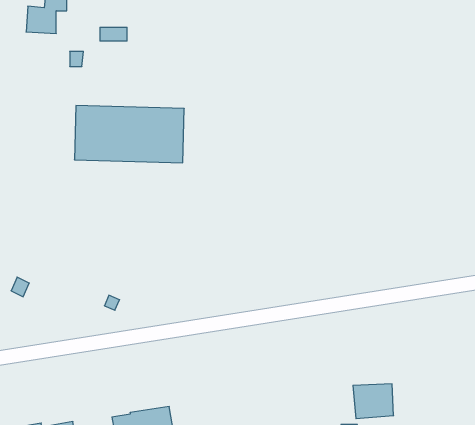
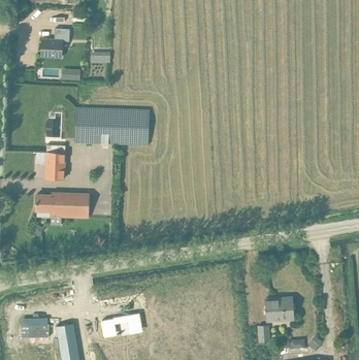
building: none -> [44,153,64,178]
building: none -> [34,193,88,218]

